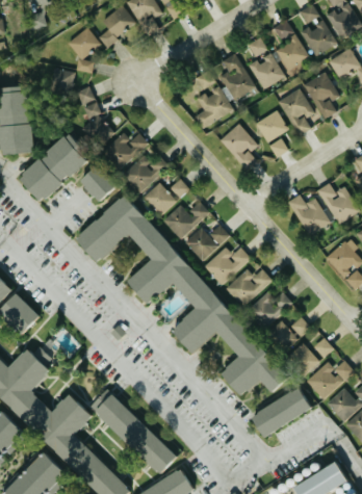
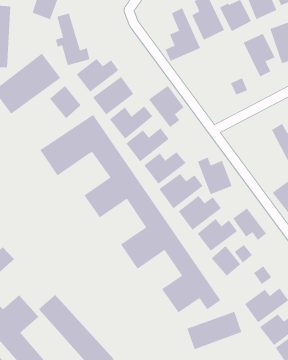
building: [256,109,289,142] -> none
building: [219,123,259,168] -> [148,85,184,128]
building: [290,194,331,235] -> [197,157,232,195]
building: none -> [232,208,267,241]
building: [287,342,321,376] -> none

